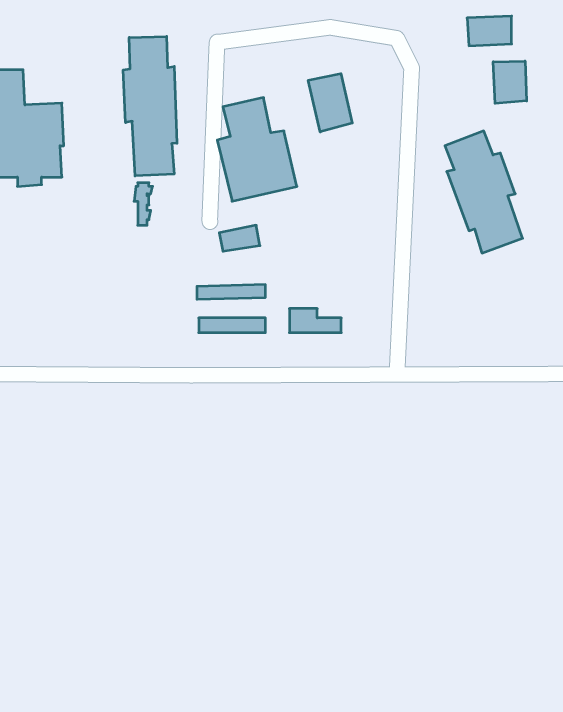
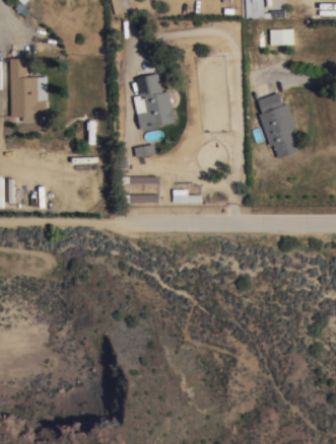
building: [123,36,177,176] -> none
building: [493,61,527,103] -> none
building: [308,74,352,132] -> none

